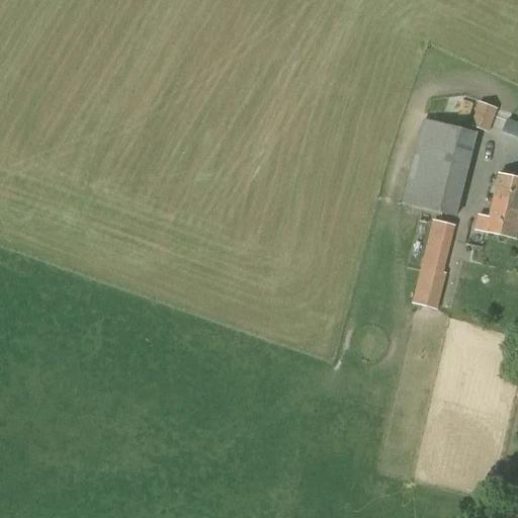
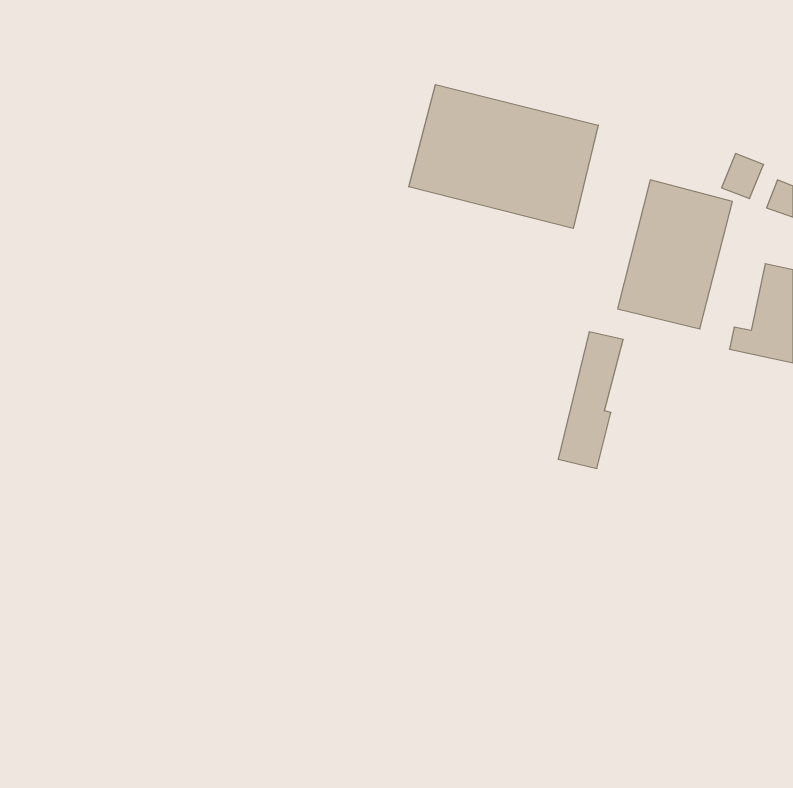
building: none -> [409,85,598,228]
building: [413,219,455,308] -> [558,332,623,468]

